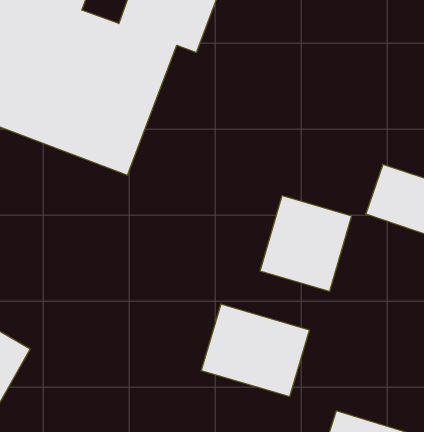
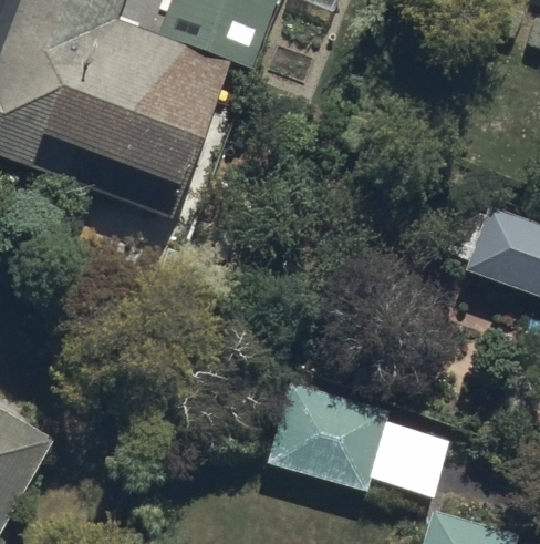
building: [260,195,351,291] -> none

